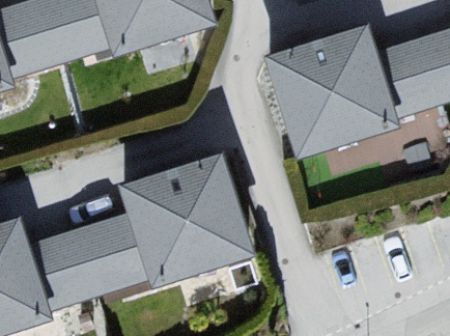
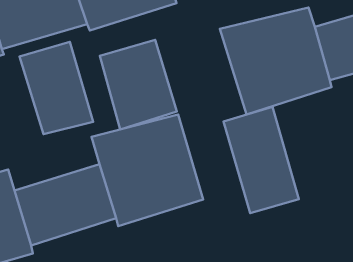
building: none -> [100,40,177,129]
building: none -> [20,42,93,134]
building: none -> [223,107,299,213]

